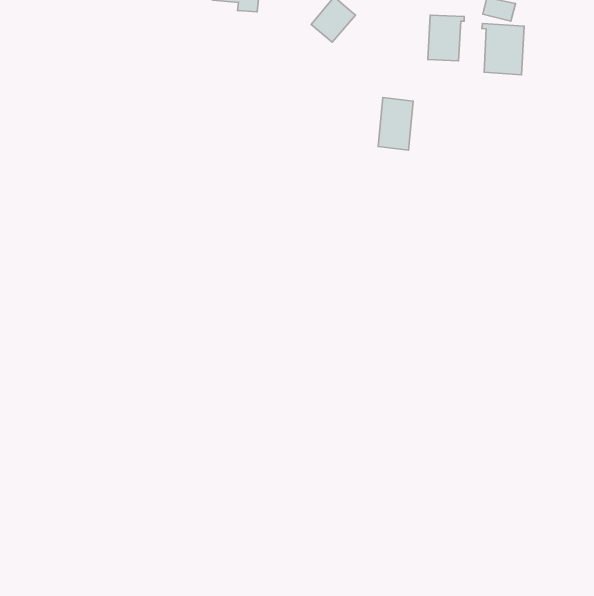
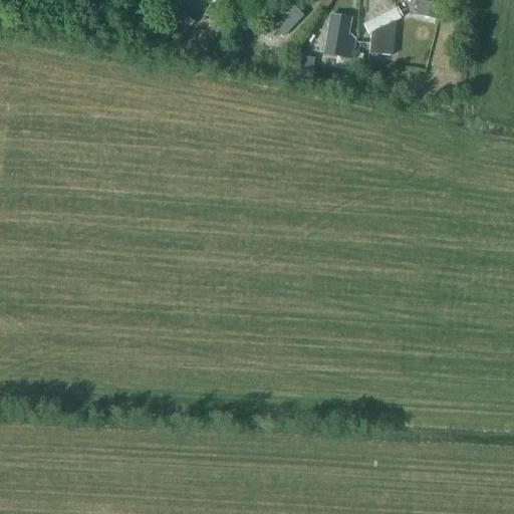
building: [482,23,524,75] -> none
building: [378,98,413,150] -> [325,11,355,56]

